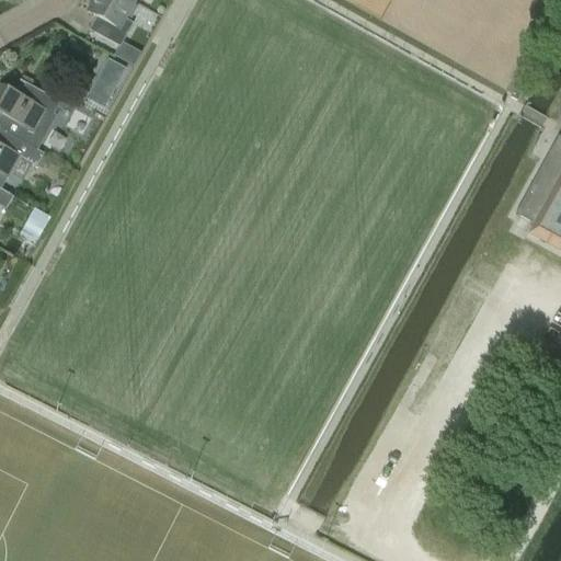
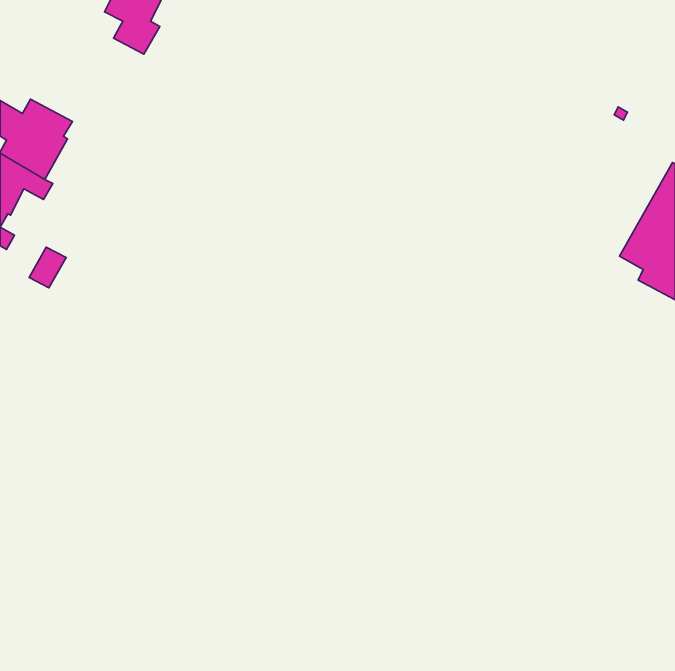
building: [85,58,126,107] -> none

